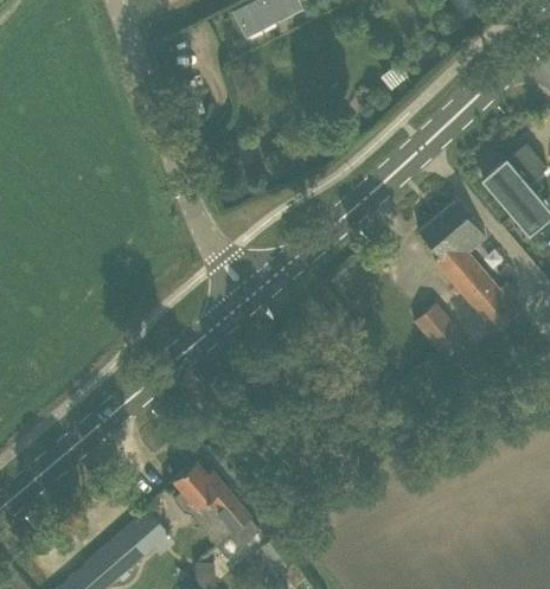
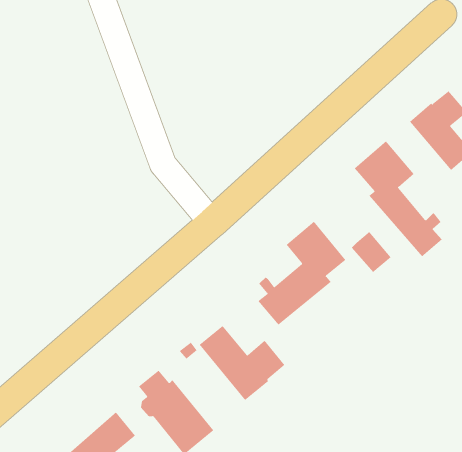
building: none -> [258,221,346,326]
building: none -> [199,325,285,401]

